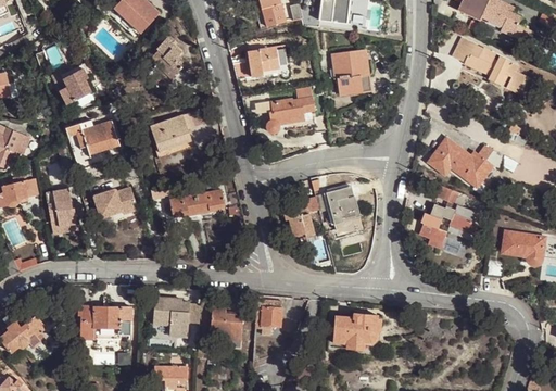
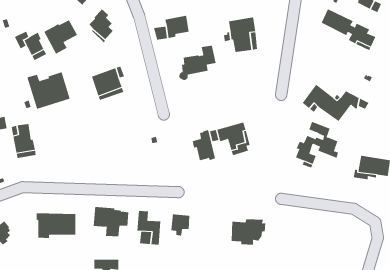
building: none -> [44,20,78,54]
building: [96,188,139,217] -> none
building: [169,189,226,216] -> none

